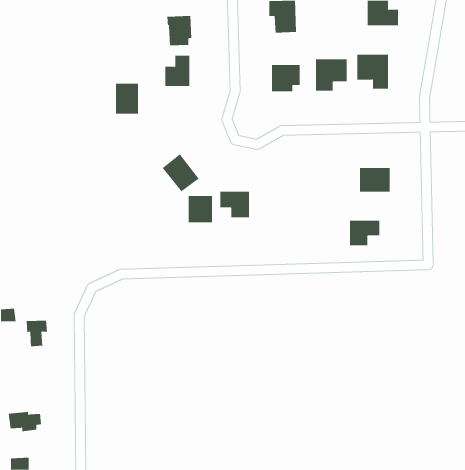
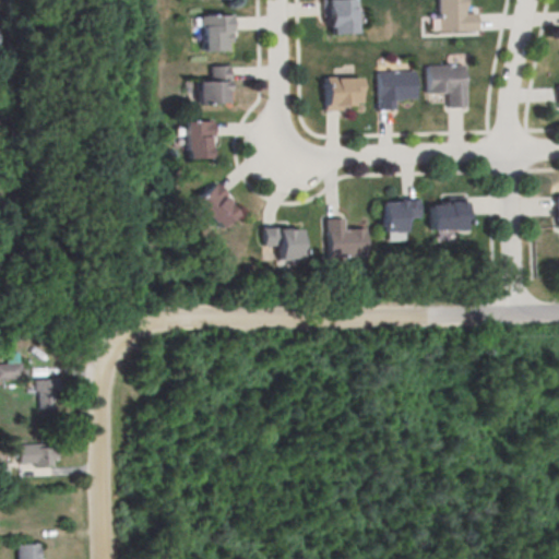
building: [115,83,139,114] -> [188,121,216,158]
building: none -> [330,218,368,255]
building: [188,195,212,223] -> none
building: [349,220,380,246] -> [384,200,421,230]
building: [8,412,42,432] -> [20,447,60,471]

